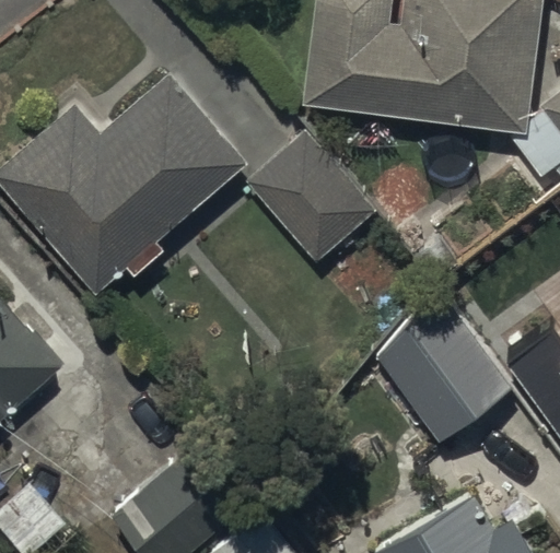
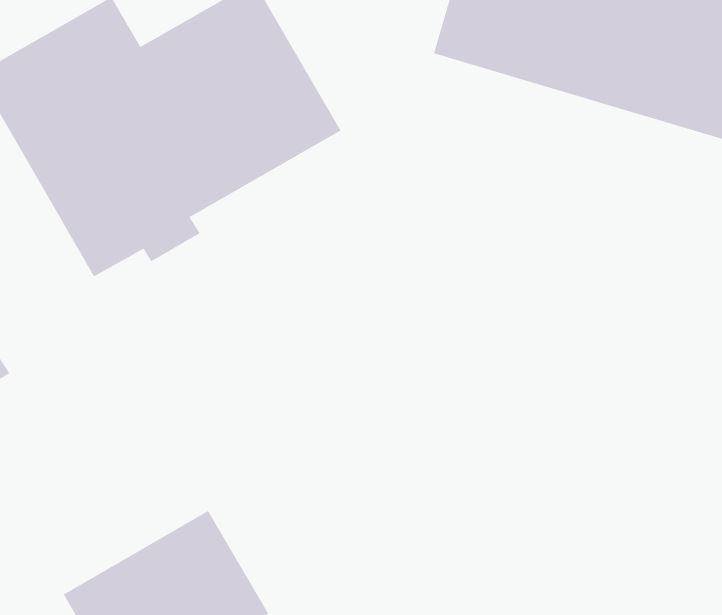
building: [249,132,376,262] -> none
building: [364,284,511,440] -> none

